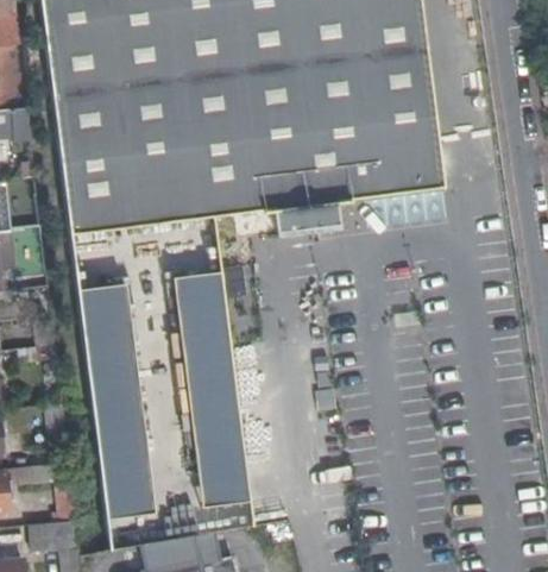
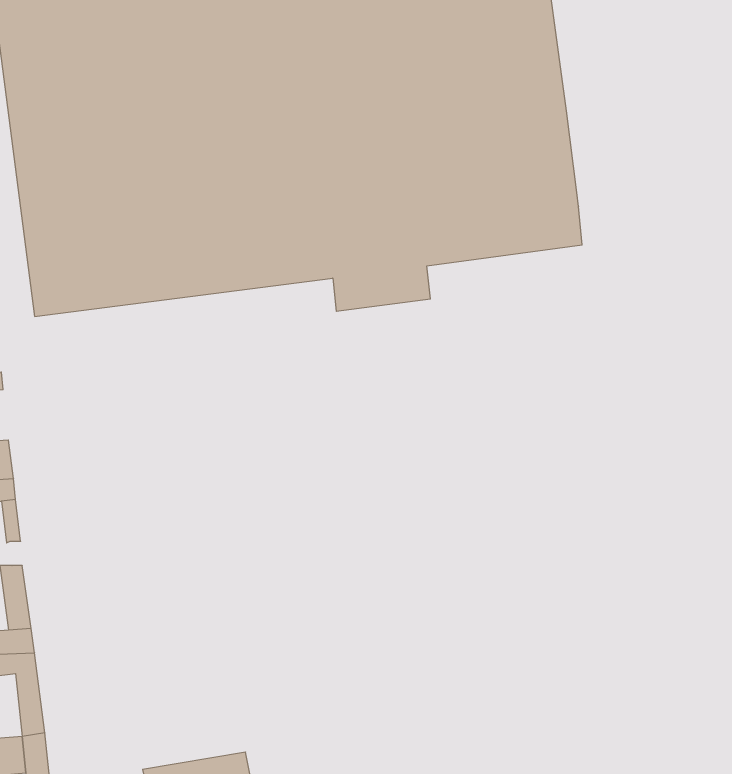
building: [172,270,248,507] -> none
building: [78,282,155,517] -> none

